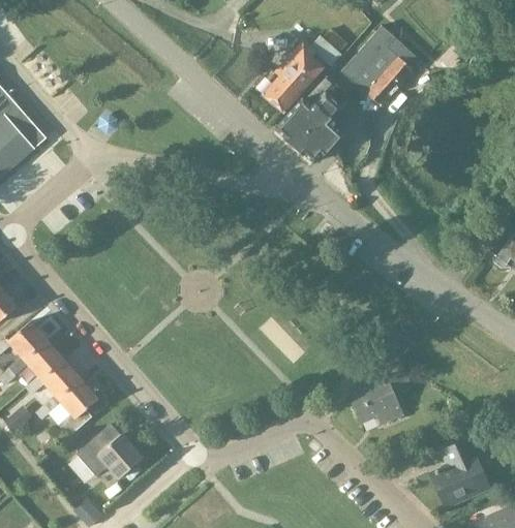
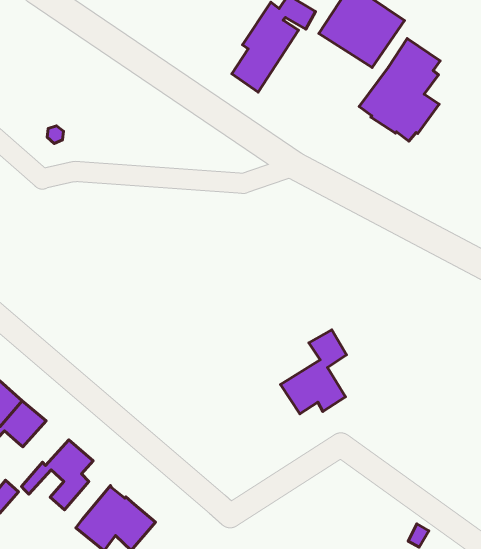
building: [276,77,350,163] -> [359,39,440,141]
building: [350,356,408,424] -> [280,330,347,414]
building: [25,361,81,398] -> none

